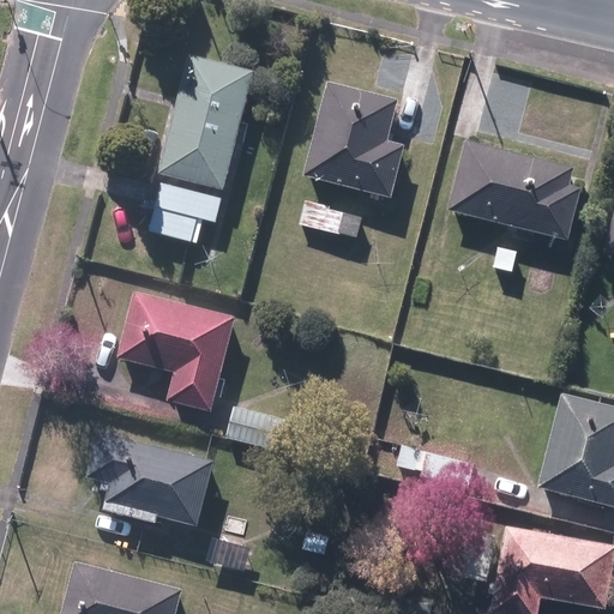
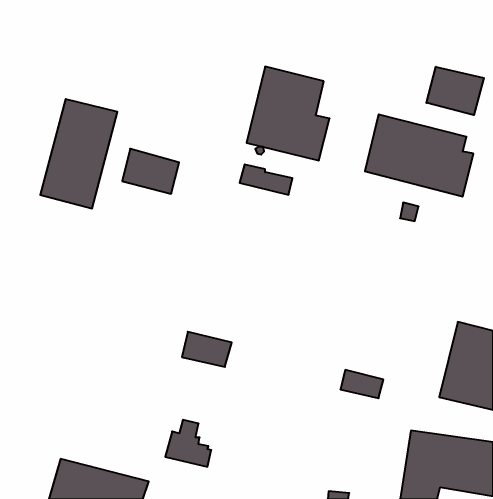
building: [158,55,253,189] -> [40,99,117,209]
building: none -> [426,67,484,115]
building: [116,291,235,410] -> none
building: [86,432,213,524] -> none

